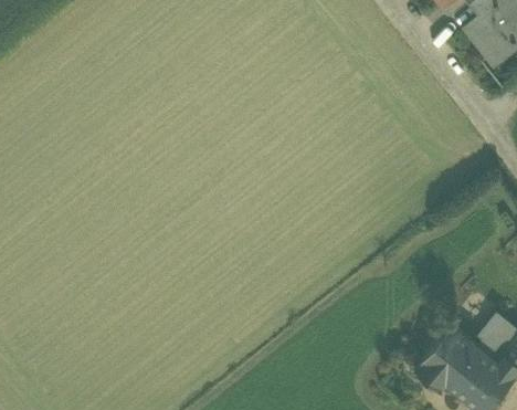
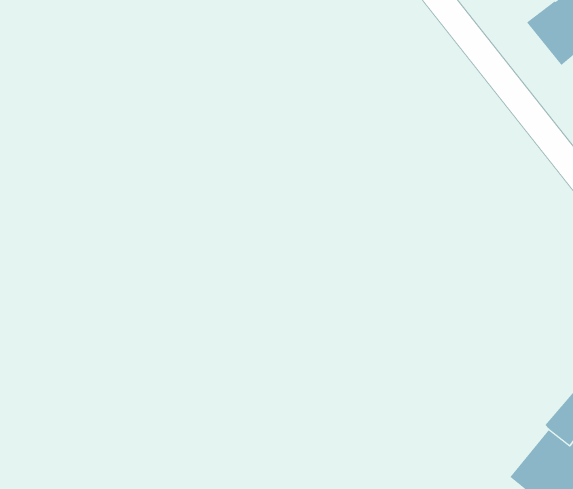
building: [415,327,481,392] -> none

